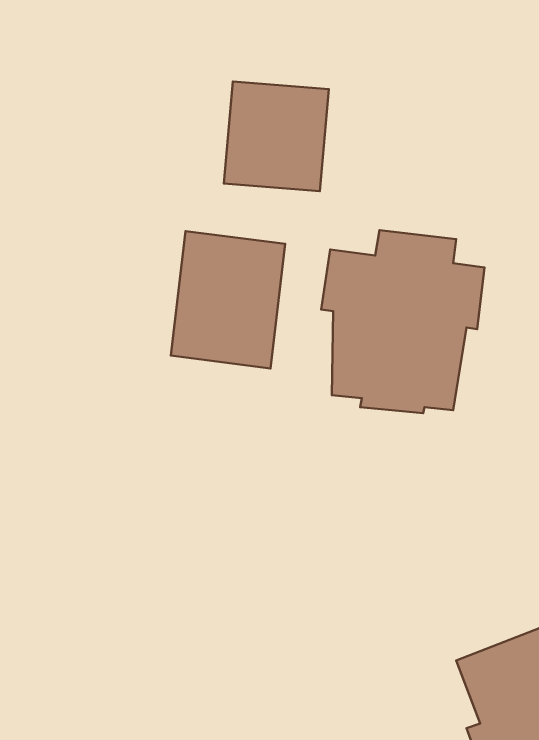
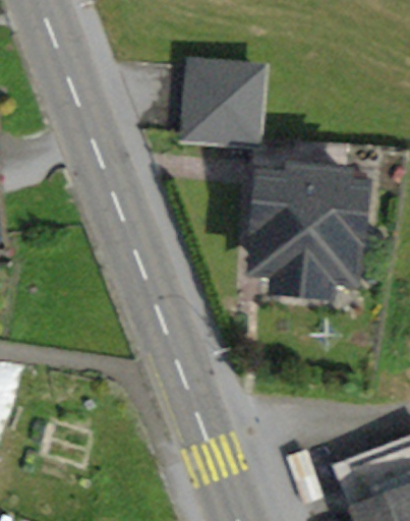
building: [171,231,285,369] -> none

